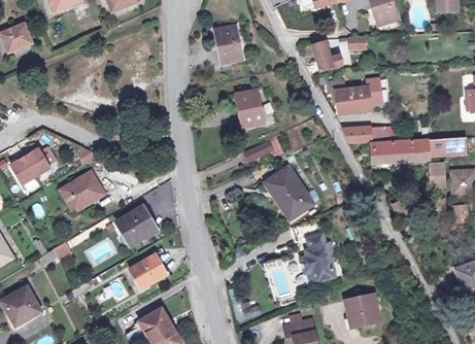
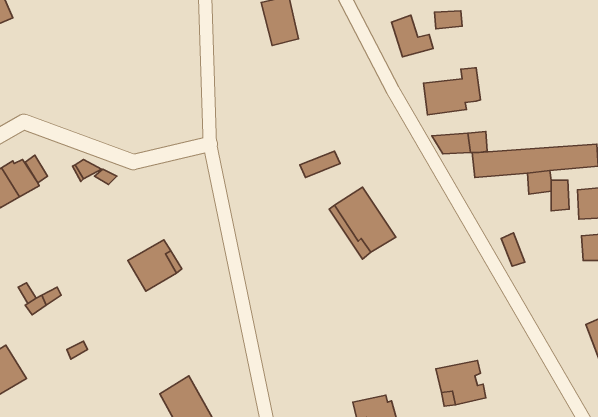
building: [237,90,264,127] -> none
building: [64,171,105,209] -> none
building: [295,221,336,284] -> none
building: [129,253,165,288] -> none

